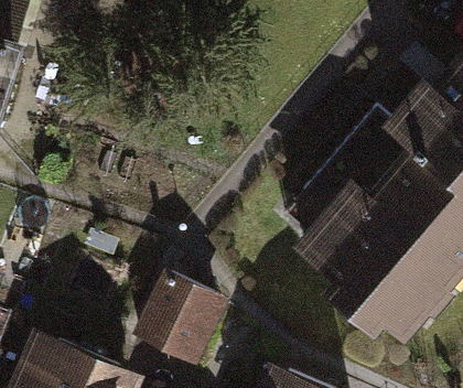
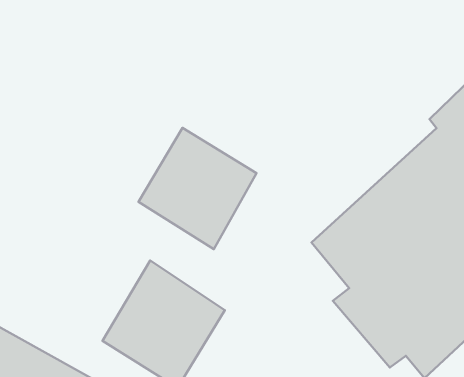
building: none -> [138,128,256,249]

